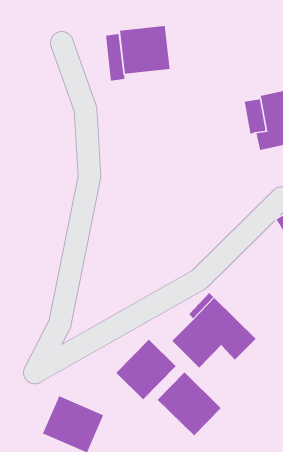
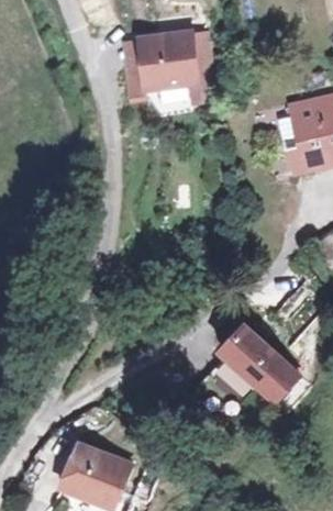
building: [115,339,177,400] -> none
building: [157,372,222,436] -> none

